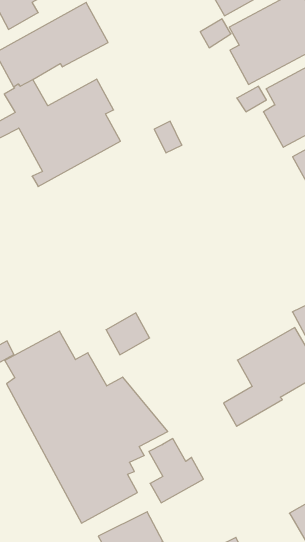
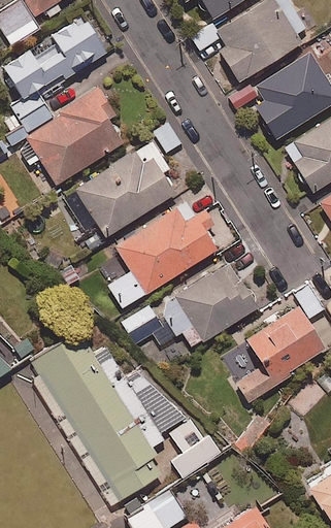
building: none -> [62,140,175,238]
building: none -> [108,202,217,308]
building: none -> [174,262,258,342]

